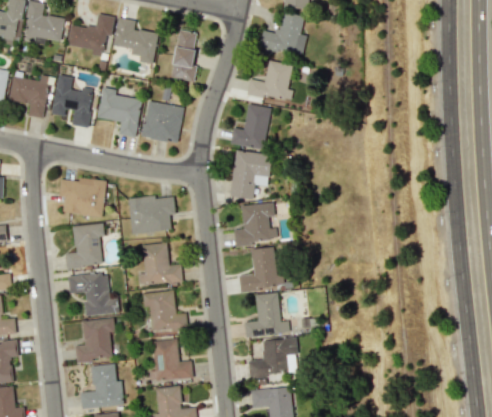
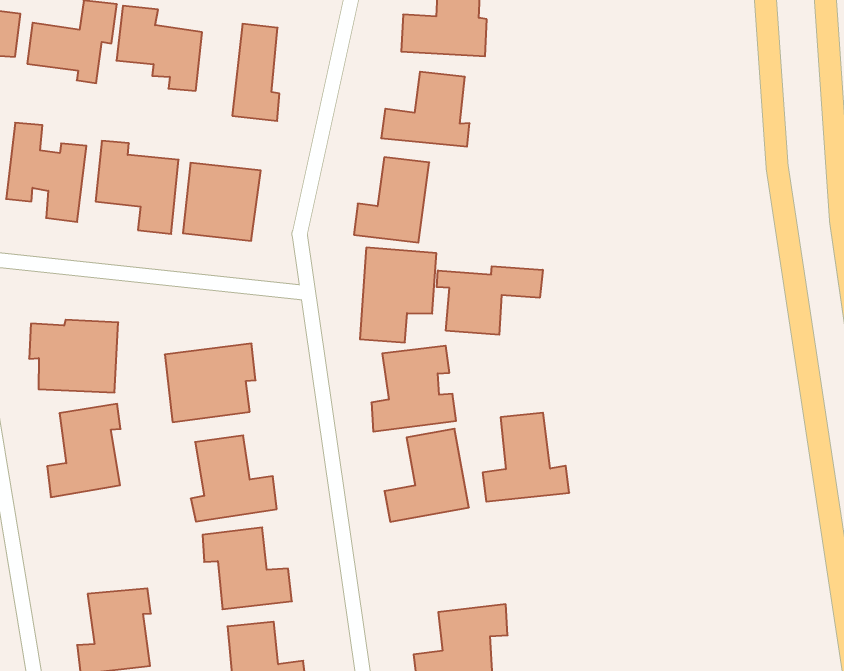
building: none -> [437,266,543,335]
building: [68,273,119,314] -> none
building: [245,292,289,336] -> [483,413,569,502]

